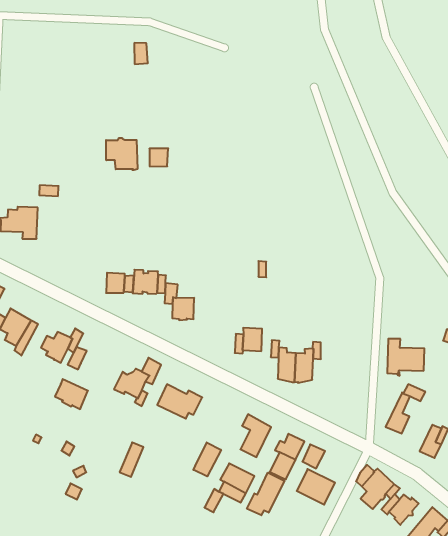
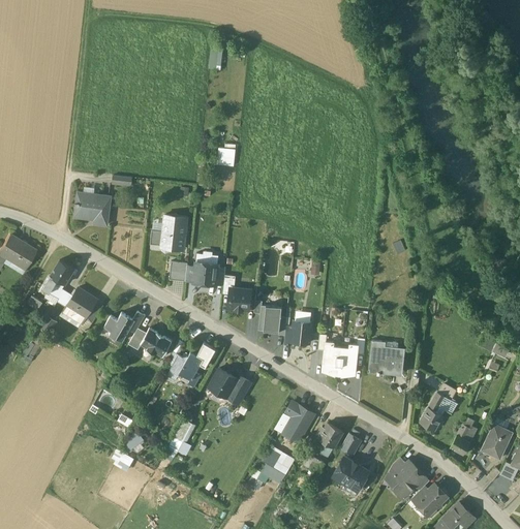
building: [106,138,137,170] -> none
building: none -> [150,215,186,254]
building: none -> [258,306,281,333]
building: [387,339,424,376] -> [368,340,404,375]
building: [55,379,88,409] -> [141,329,172,357]
building: [193,442,221,476] -> none
building: [247,473,284,515] -> none

